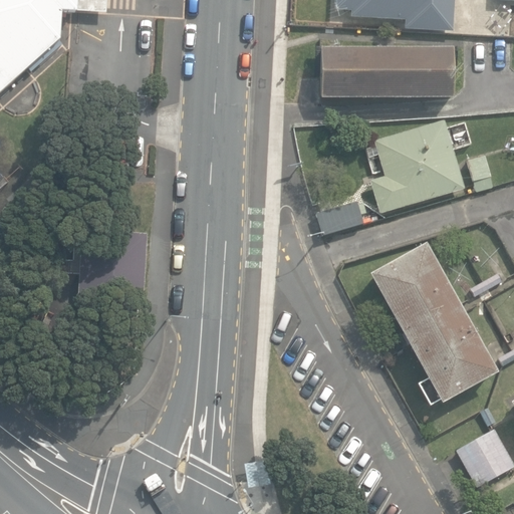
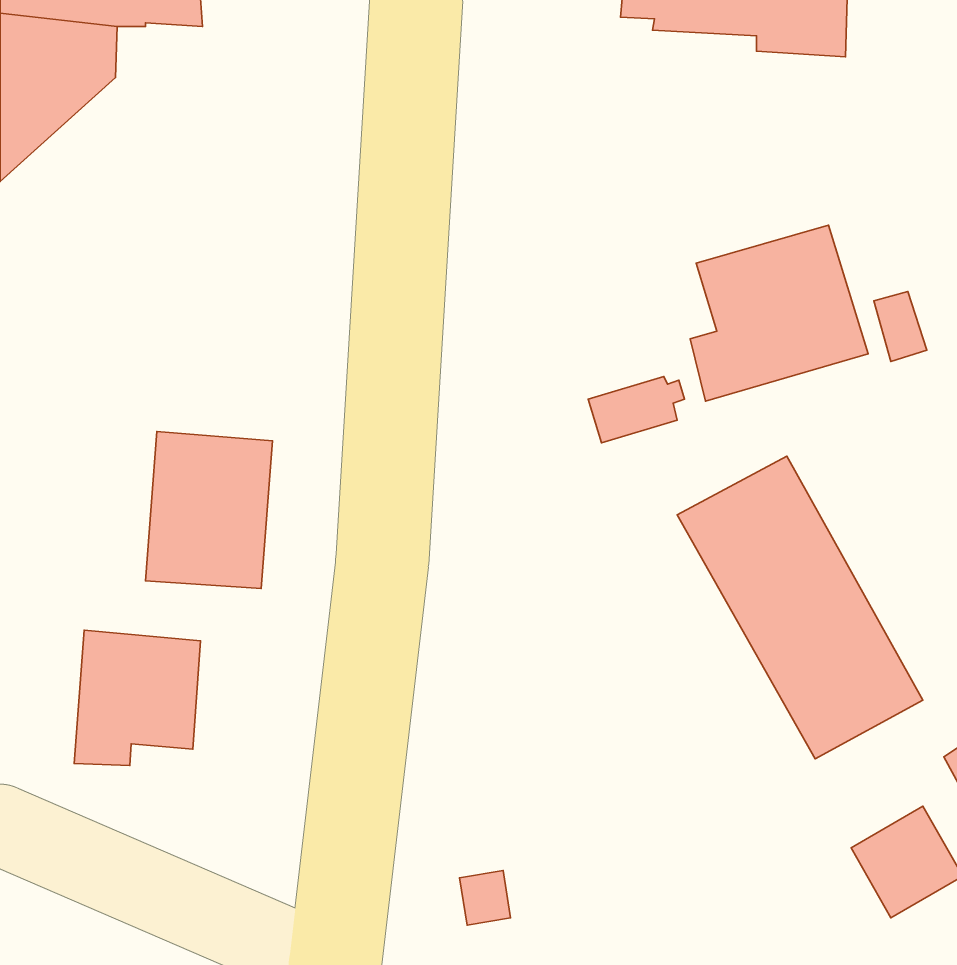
building: [318,46,451,97] -> none
building: none -> [74,630,200,765]

